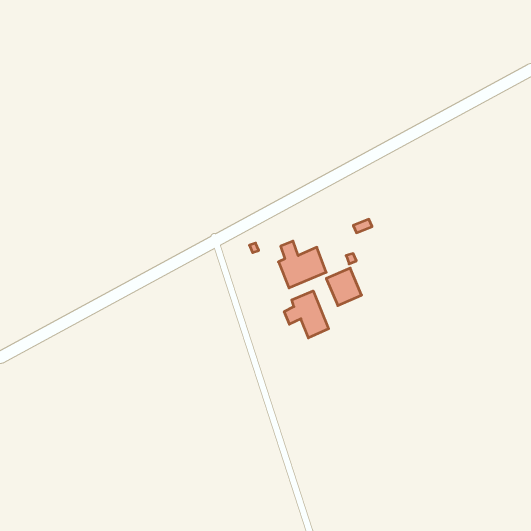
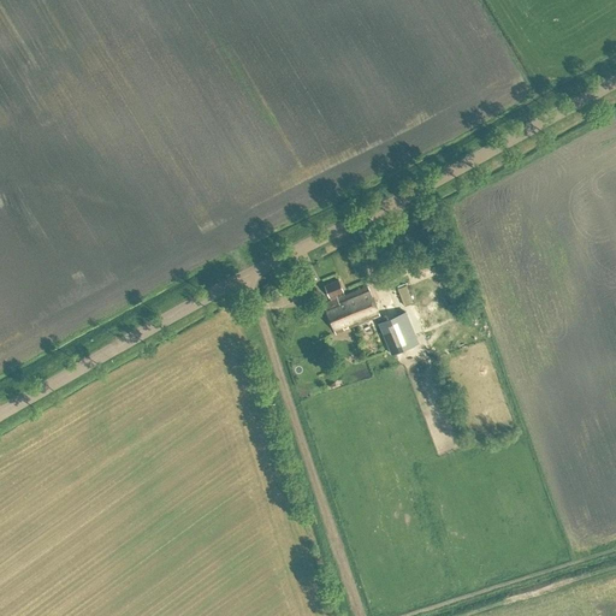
building: [284,291,329,338] -> none

